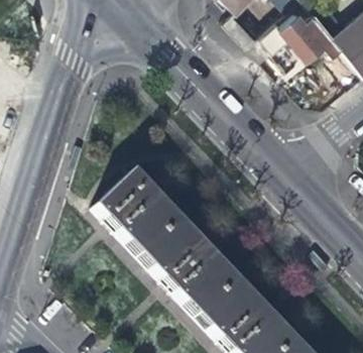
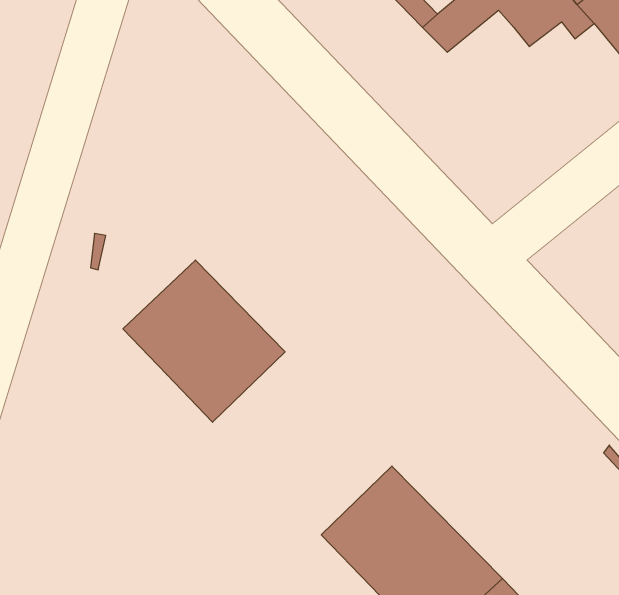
building: [141,221,236,318] -> none

